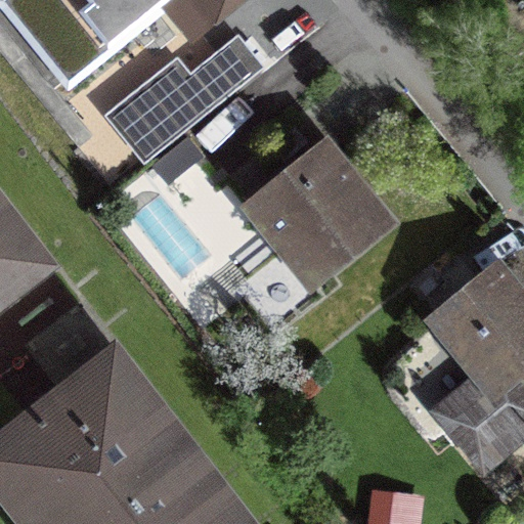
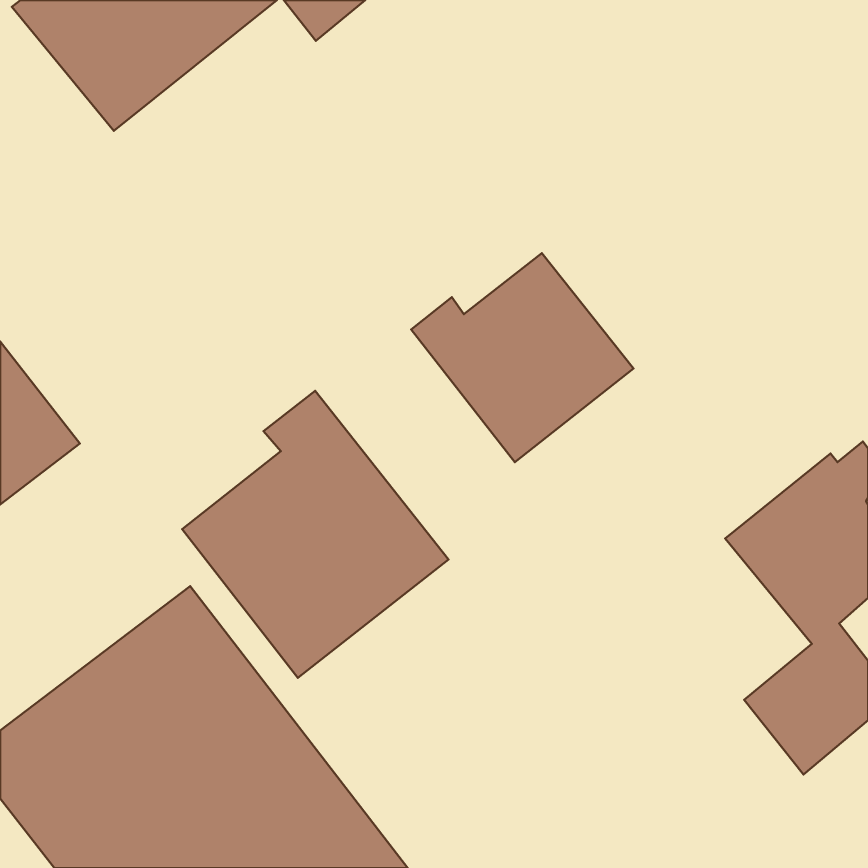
building: [113,36,257,150] -> none
building: none -> [182,391,448,678]

